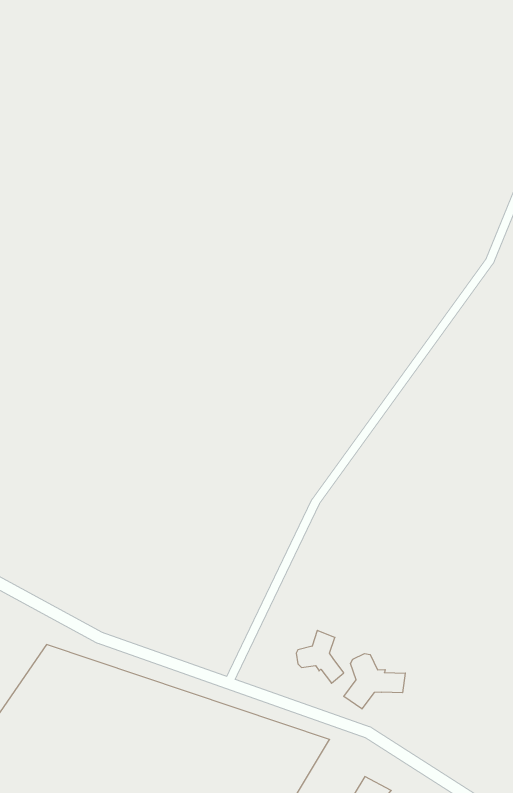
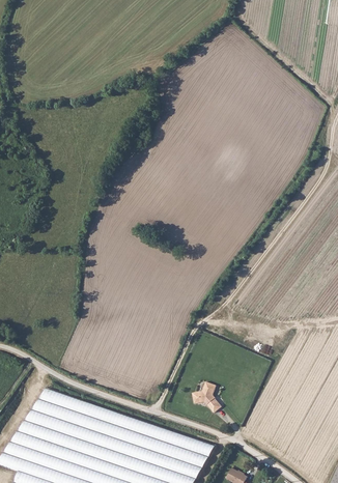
building: [344,654,405,709] -> none

